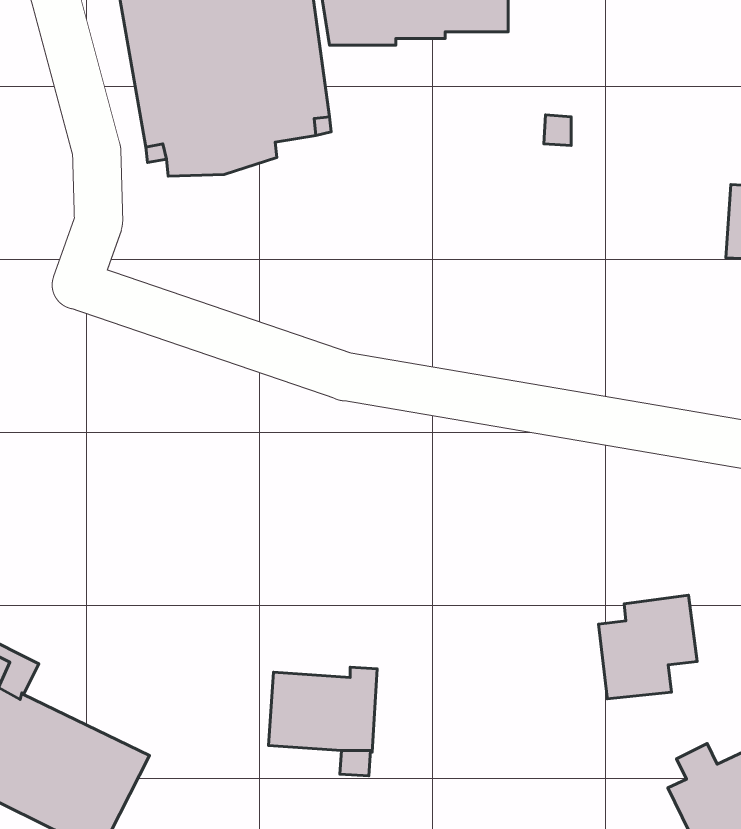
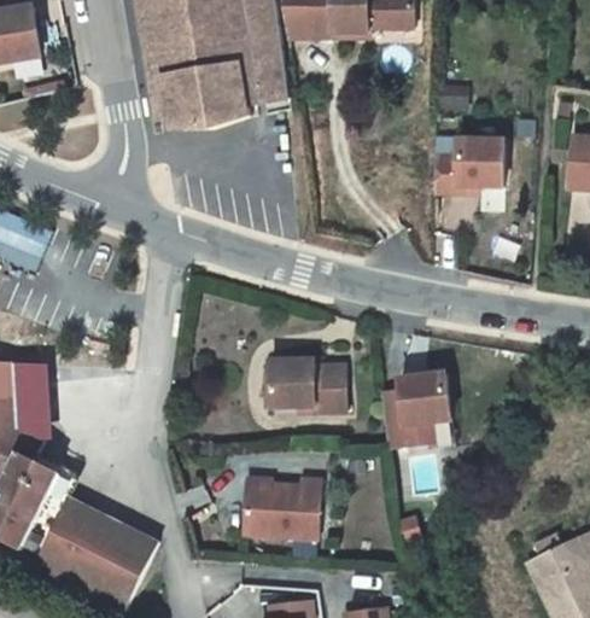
building: none -> [433,139,503,191]
building: none -> [268,358,346,410]
building: [599,595,697,699] -> [381,372,451,445]

